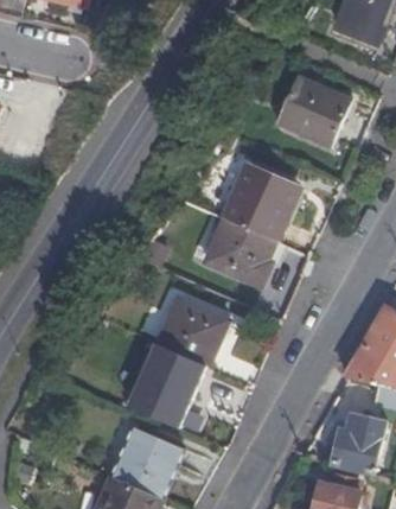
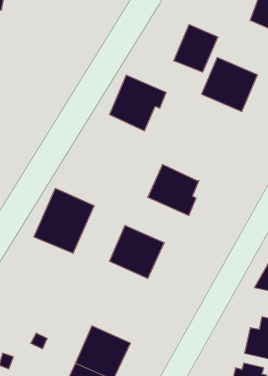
building: none -> [174,25,218,72]
building: [225,166,299,238] -> [110,75,166,131]
building: [126,342,204,426] -> [34,189,94,253]

